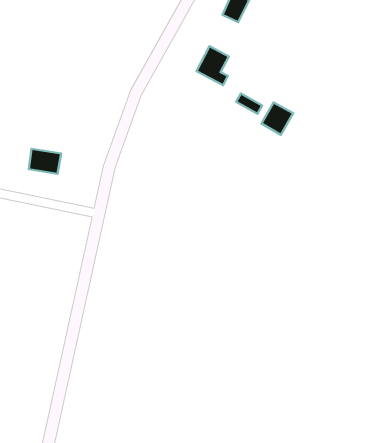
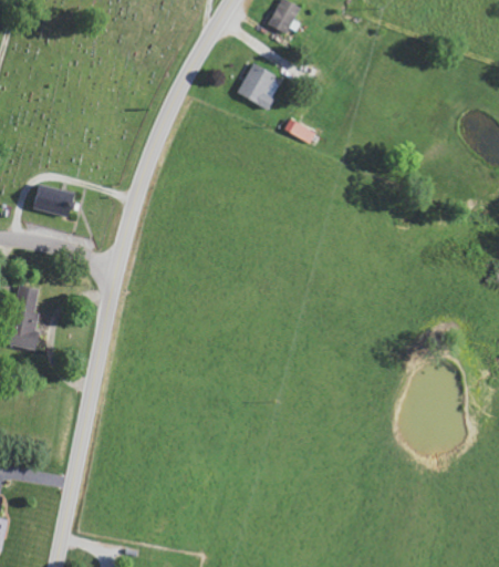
building: [262,102,293,135] -> none
building: none -> [12,287,41,350]

